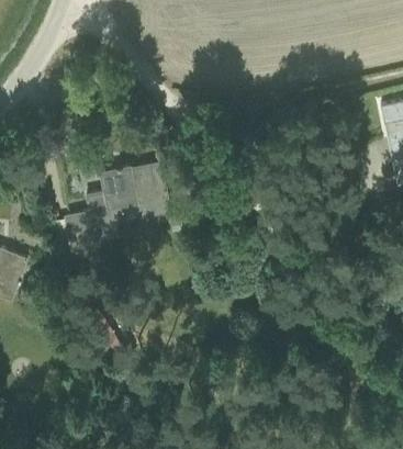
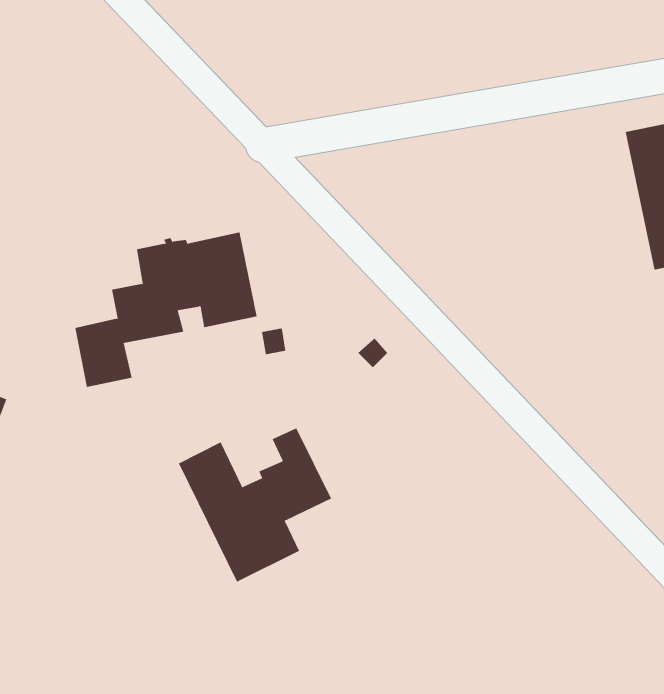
building: none -> [178,428,332,583]

